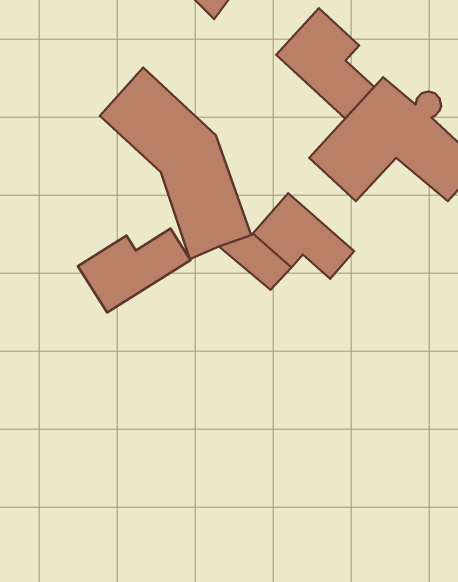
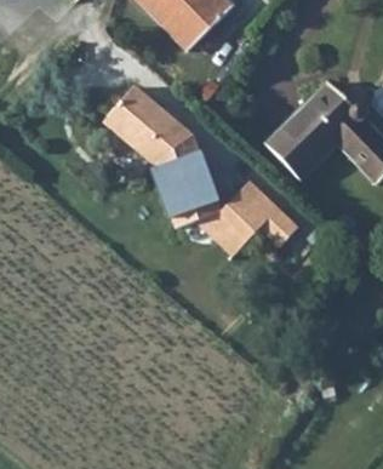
building: [276,8,374,119] -> none
building: [78,229,190,313] -> none

